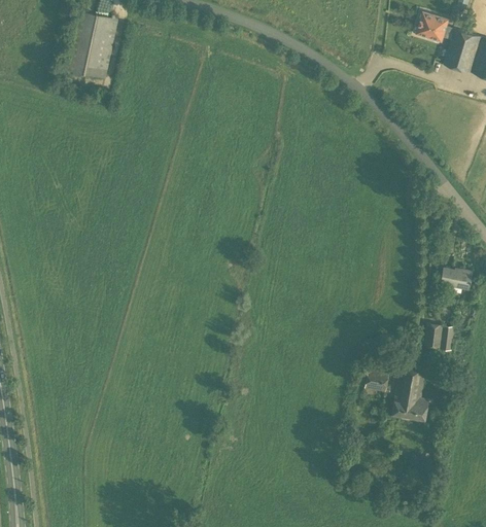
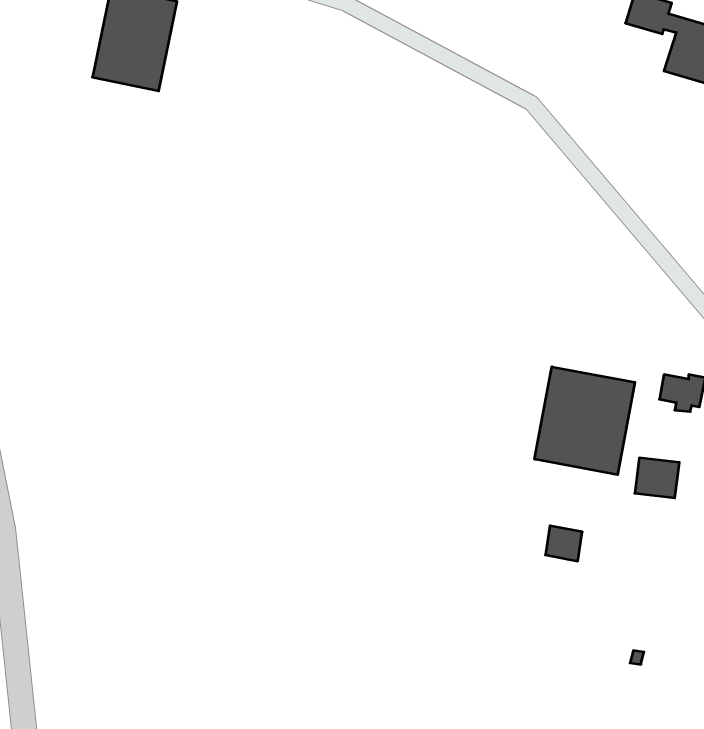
building: none -> [535,367,635,475]
building: [393,367,430,420] -> none

